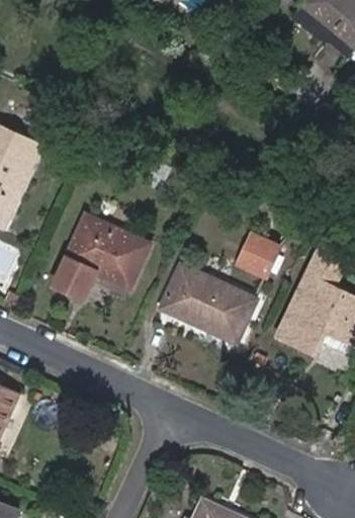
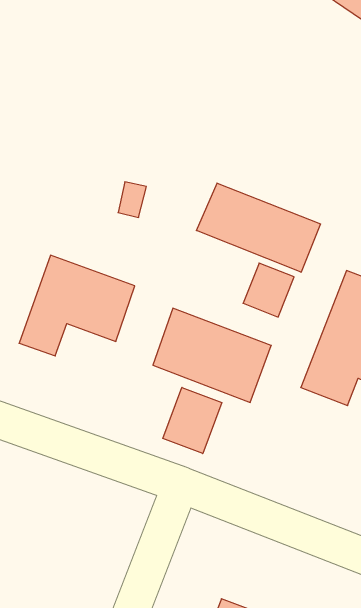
building: none -> [196,183,321,272]
building: none -> [163,387,222,454]

